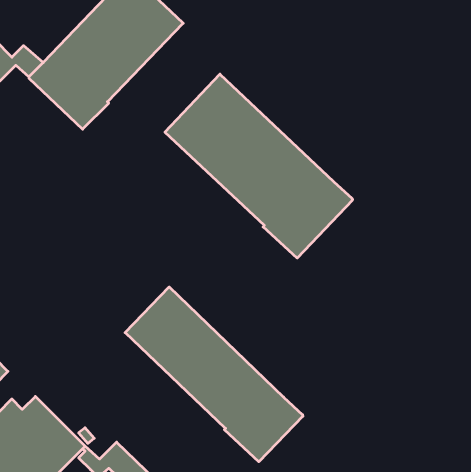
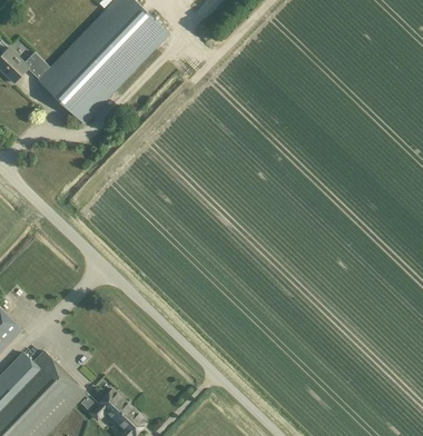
building: [165,74,352,258] -> none
building: [125,287,303,462] -> none

